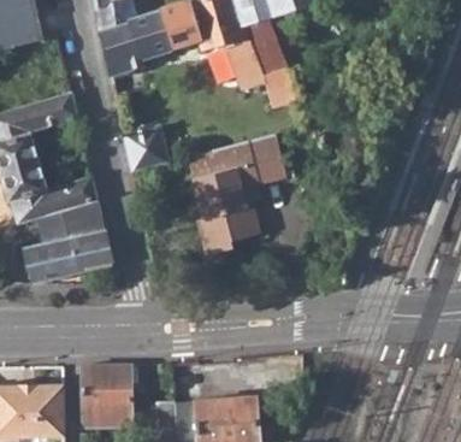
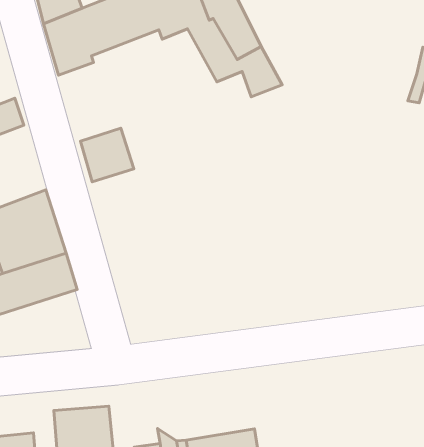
building: [189,135,286,253] -> none

